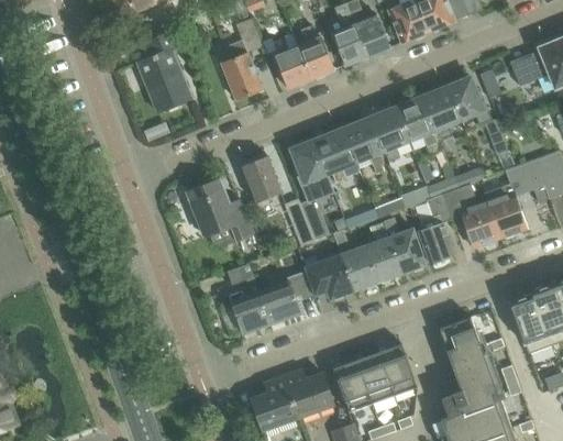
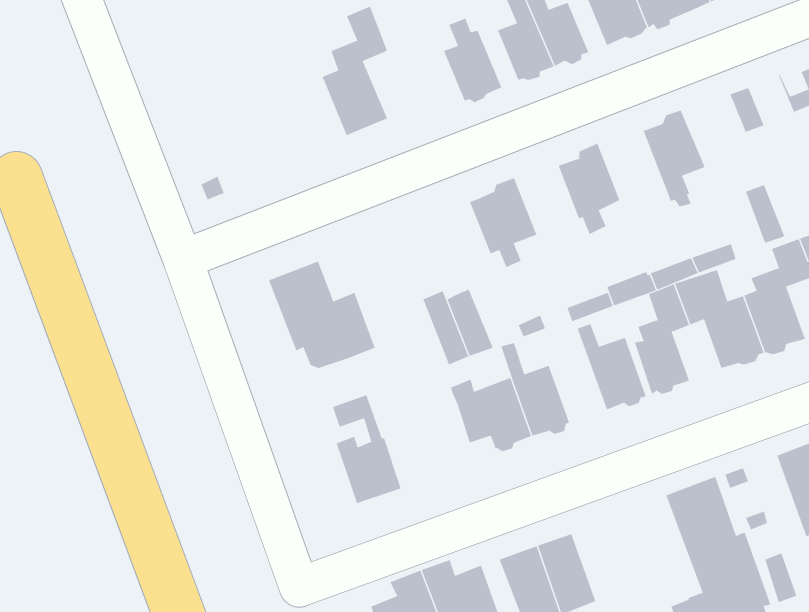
building: [136,30,191,112] -> none
building: [272,36,310,88] -> none
building: [448,79,492,126] -> none
building: [395,97,441,147] -> none
building: [342,119,384,175] -> none
building: [290,140,333,200] -> none
building: [241,156,282,207] -> none
building: [364,222,400,284] -> none
building: [260,271,313,323] -> none
building: [378,343,417,395] -> none

